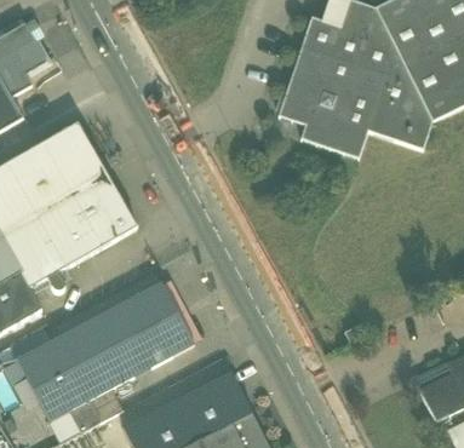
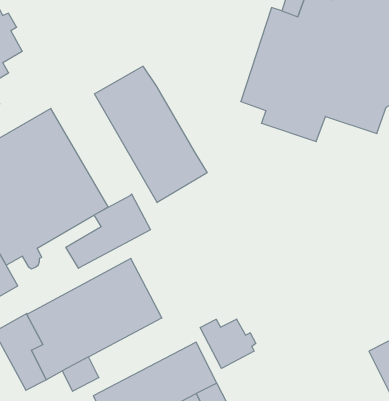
building: none -> [95,66,207,203]
building: none -> [66,194,150,268]
building: none -> [200,319,256,368]

